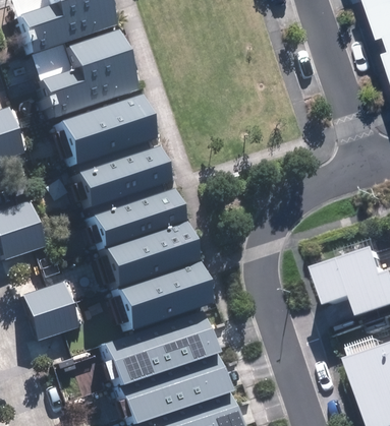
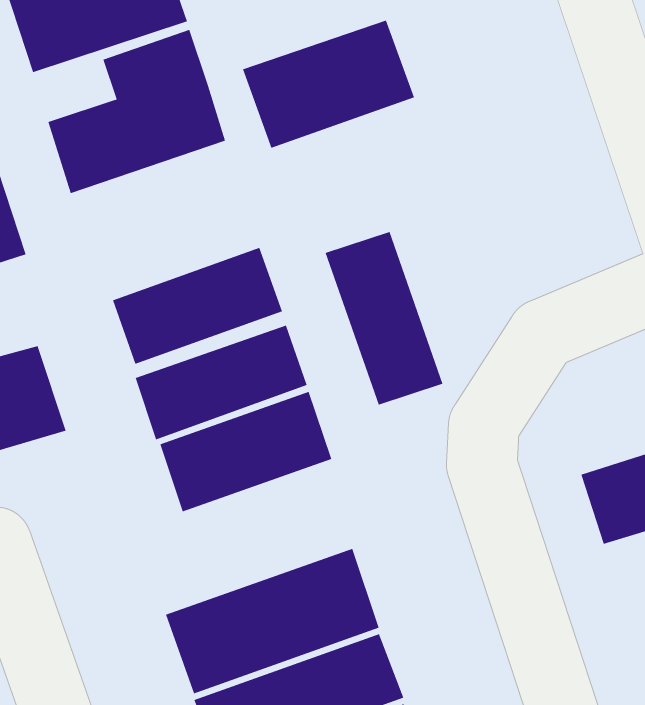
building: [55,98,148,167] -> [242,20,415,149]
building: none -> [325,231,443,406]
building: [109,264,205,332] -> none
building: [24,280,80,339] -> none

